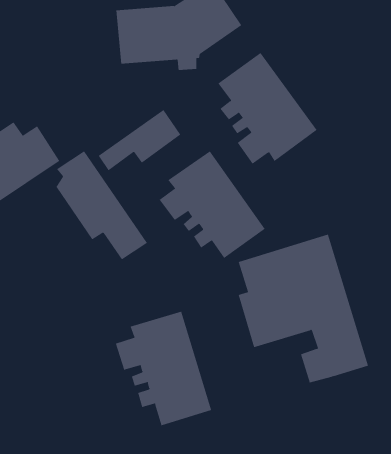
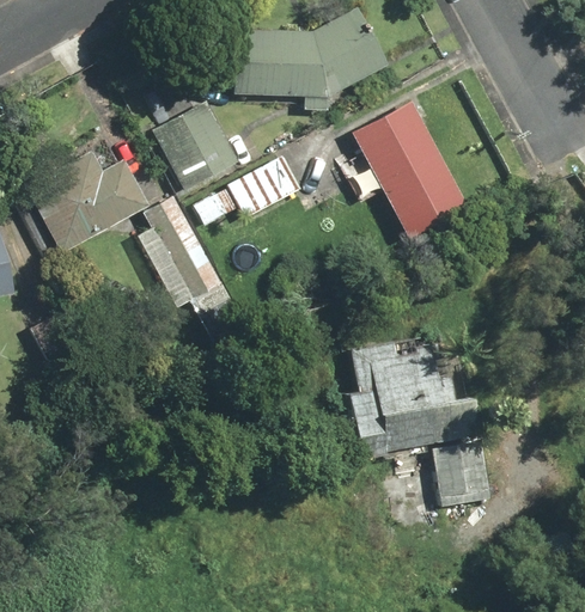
building: none -> [152,100,238,190]
building: [159,151,265,259] -> none
building: [115,311,212,426] -> none

